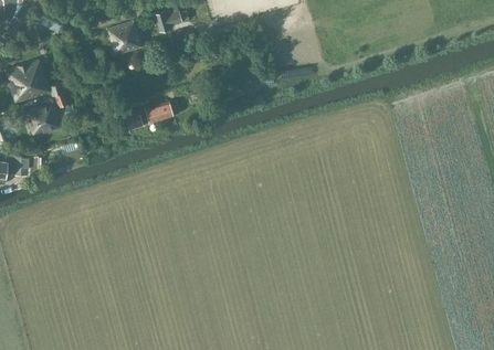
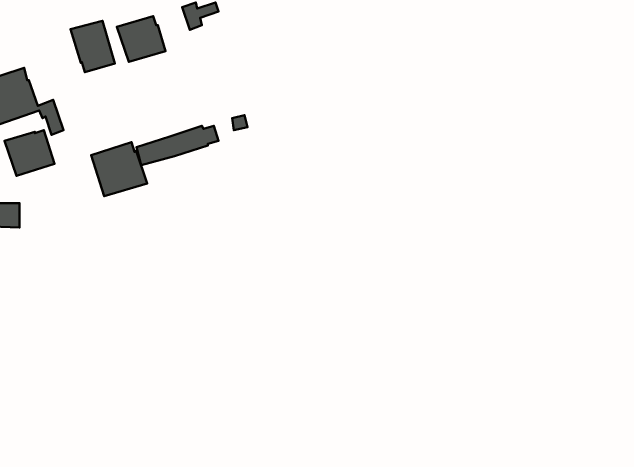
building: none -> [70,21,115,72]
building: none -> [91,142,147,196]

